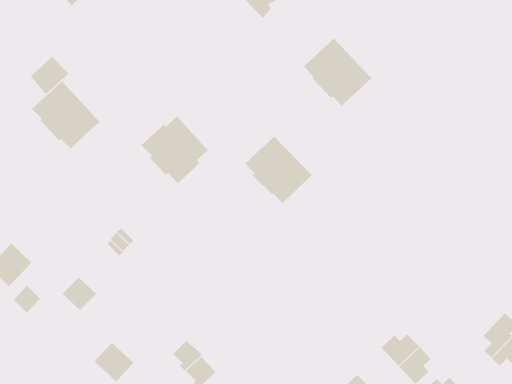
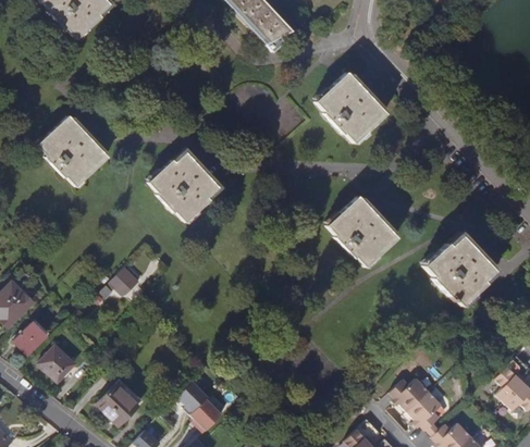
building: [30,56,69,95] -> none
building: [244,136,312,204] -> [326,197,396,266]
building: none -> [422,236,492,306]
building: [62,277,97,311] -> [41,345,77,380]

